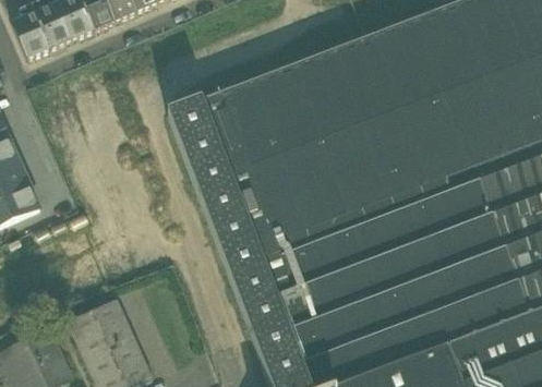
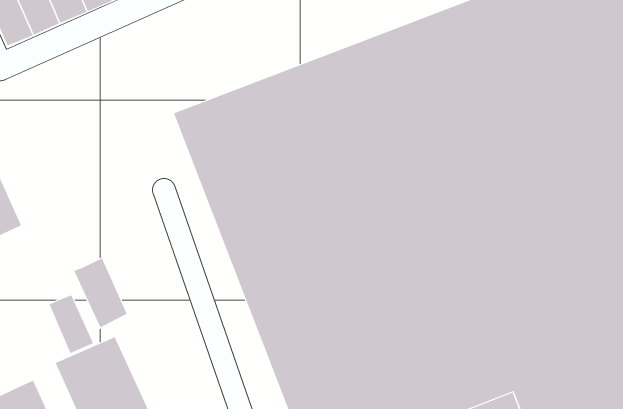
building: none -> [74,258,127,328]
building: none -> [49,294,94,354]

